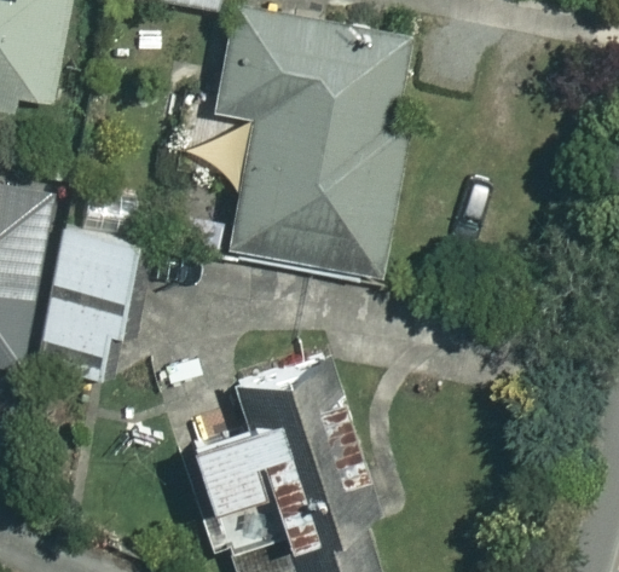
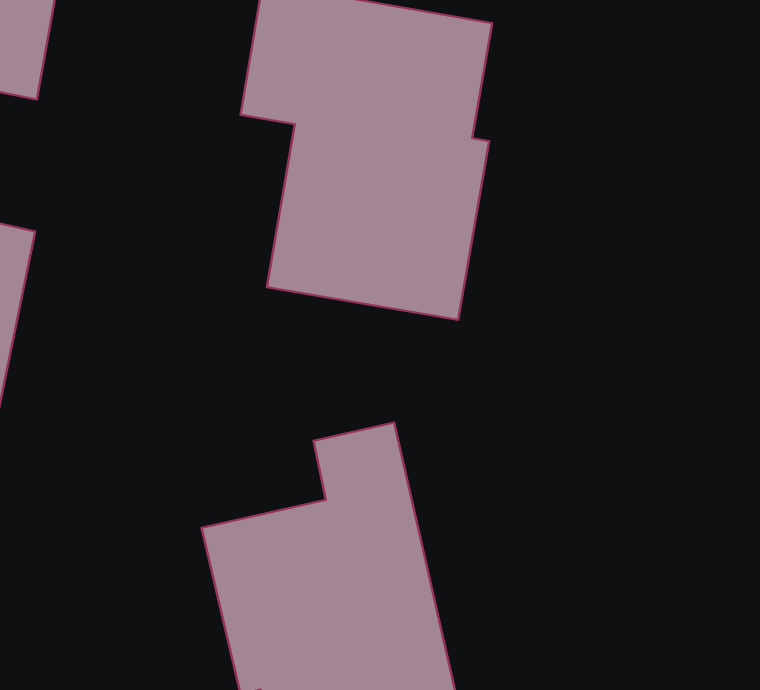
building: [42,233,146,369] -> none

